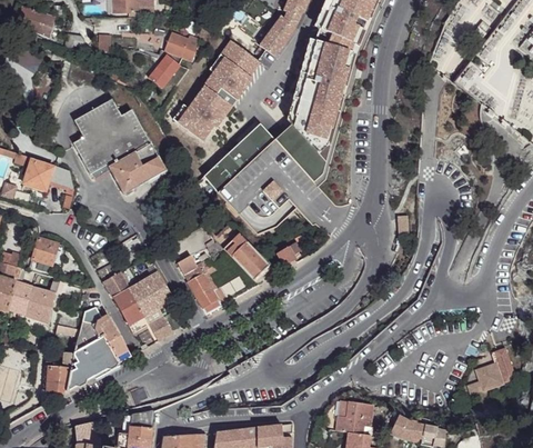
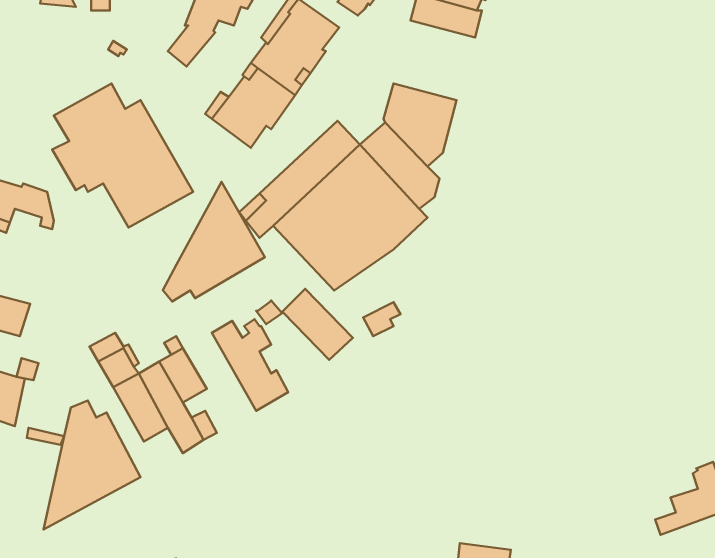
building: [296,58,350,110] -> none
building: none -> [163,182,265,302]
building: [48,352,76,391] -> none

